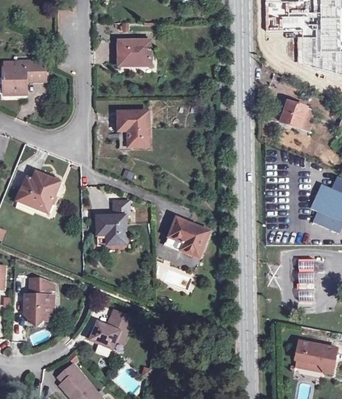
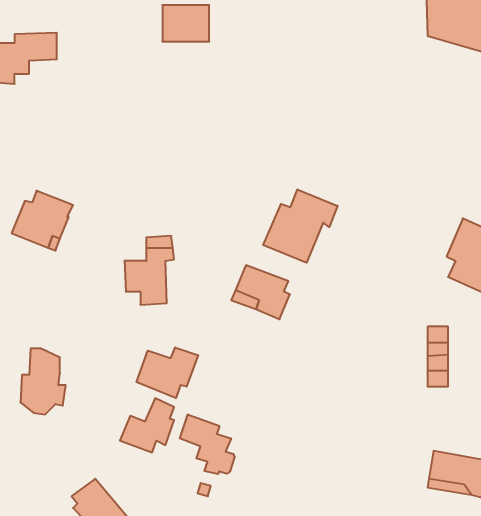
building: [284,104,308,130] -> none
building: [117,112,145,145] -> none
building: none -> [263,189,338,263]
building: none -> [136,347,198,398]
building: none -> [180,414,235,474]

